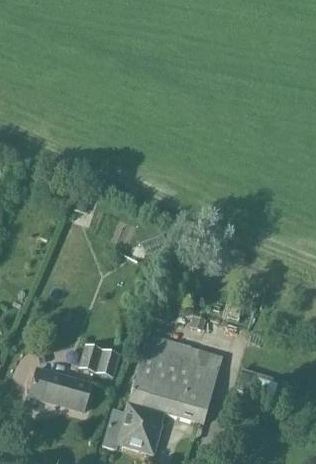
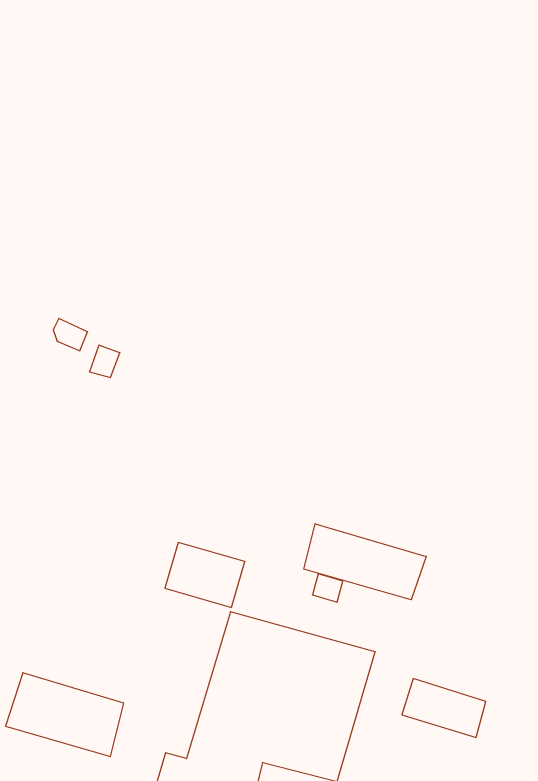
building: none -> [304,524,426,600]
building: [77,345,119,379] -> [165,543,245,607]

